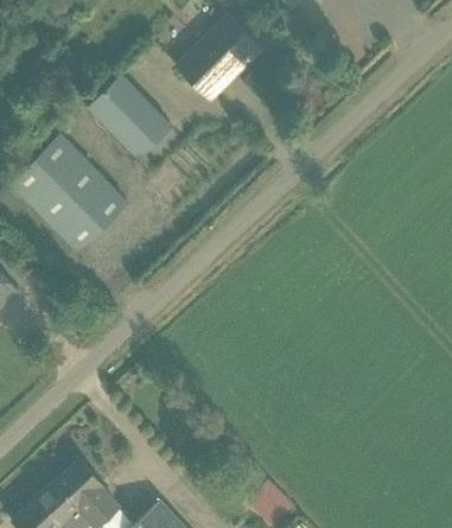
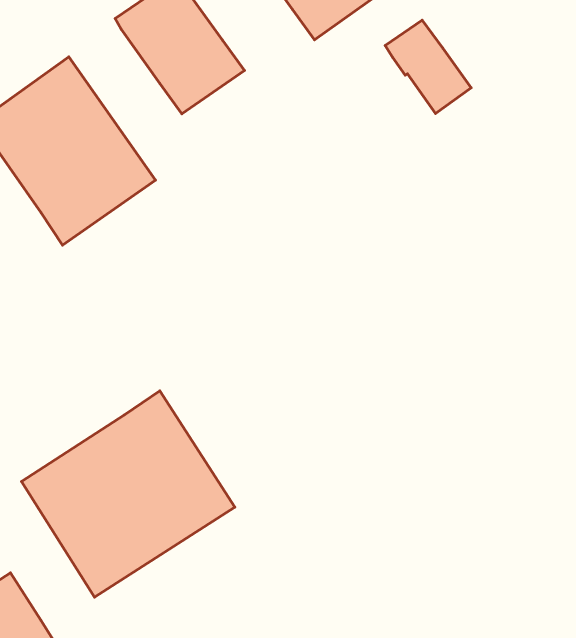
building: none -> [385,20,471,113]
building: none -> [22,391,235,597]

